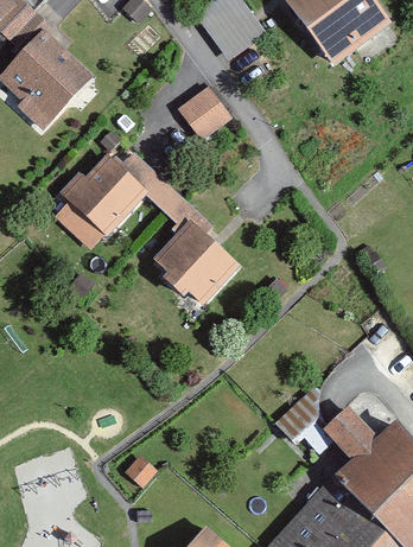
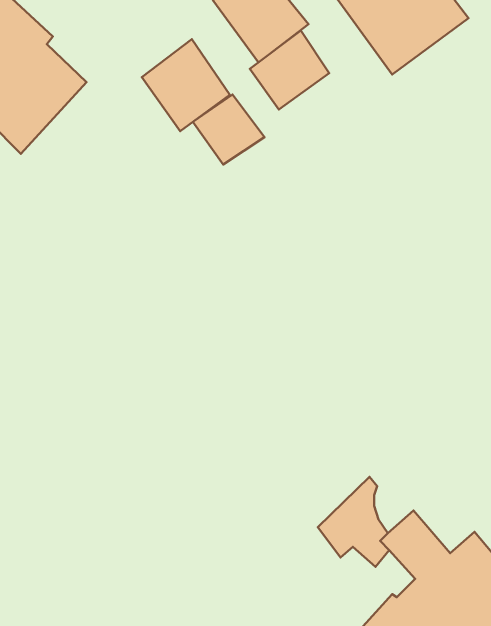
building: none -> [250,31,329,110]
building: none -> [142,39,230,131]
building: [53,151,240,306] -> none

